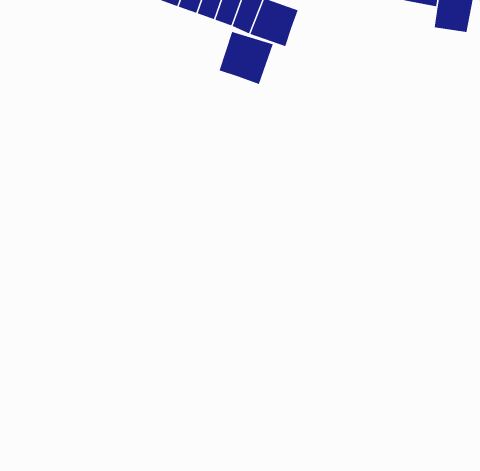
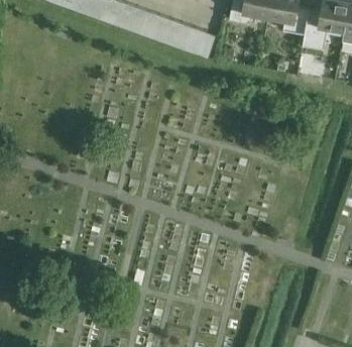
building: [219,31,273,85] -> none

